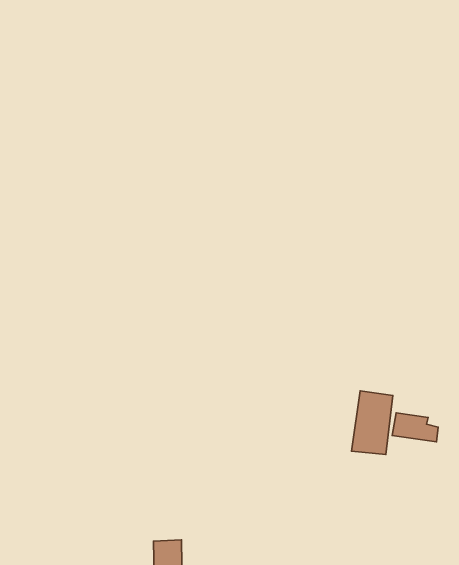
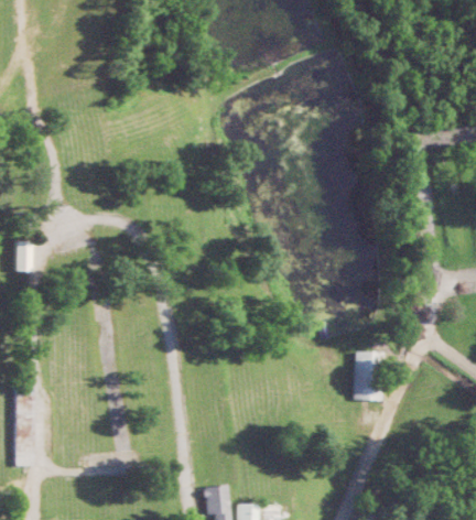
building: [392,413,438,442] -> none

